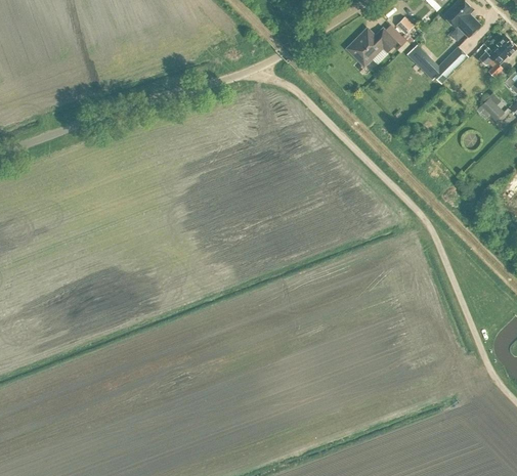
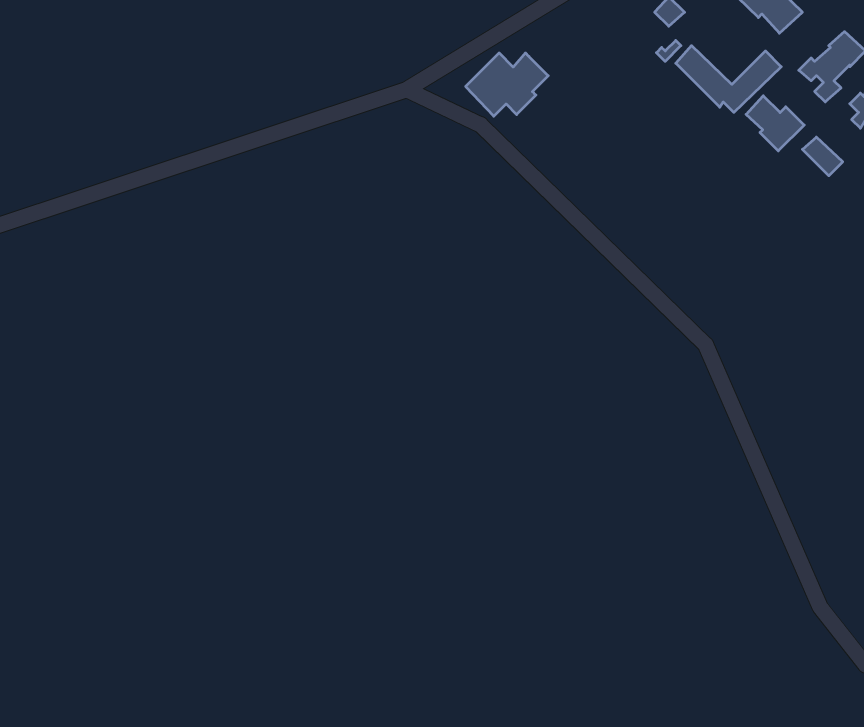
building: [347,28,395,64] -> [466,53,548,116]
building: none -> [746,96,804,151]

